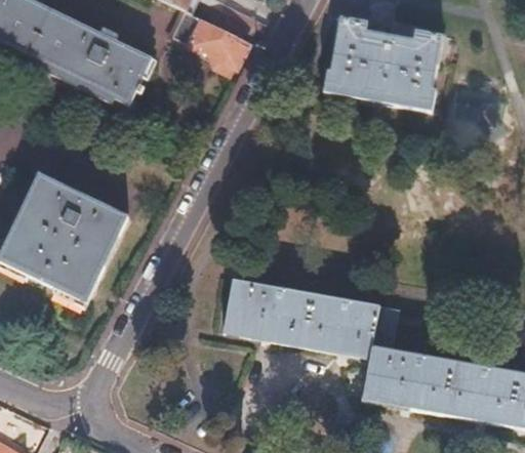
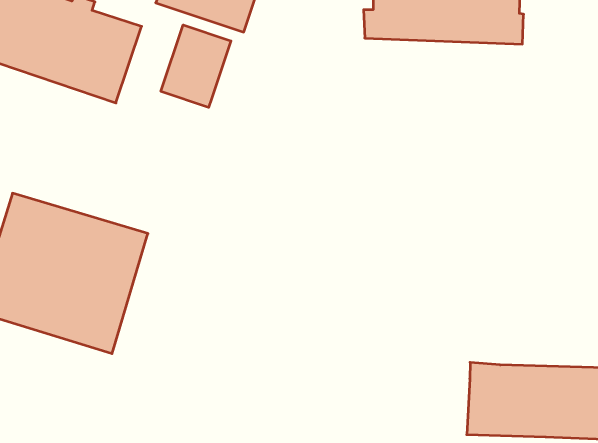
building: none -> [161,25,231,107]
building: [216,279,398,359] -> none

